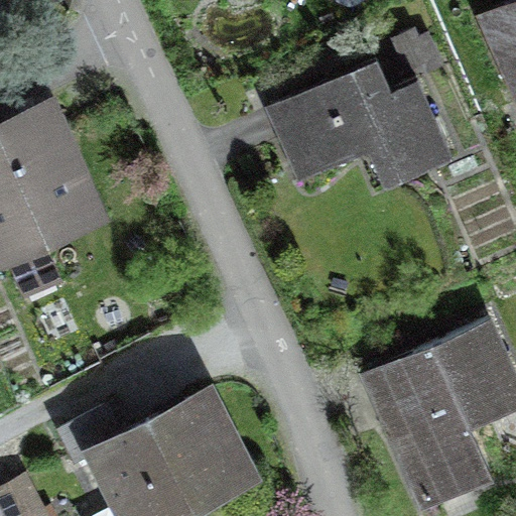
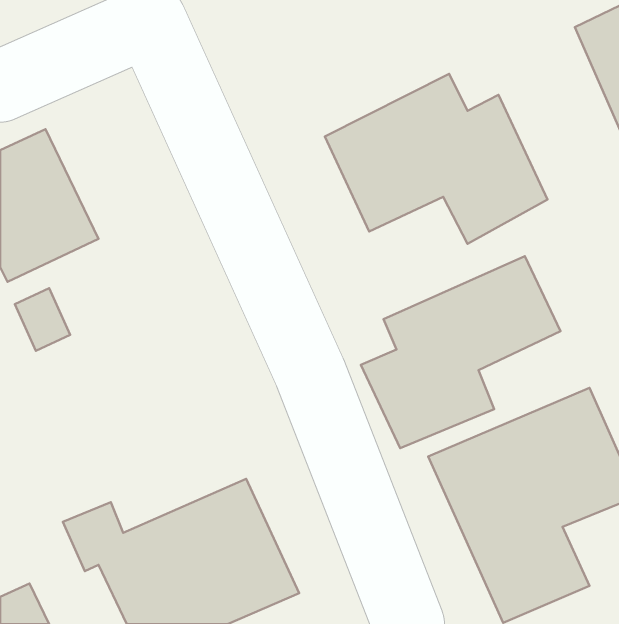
building: none -> [361,256,561,448]

